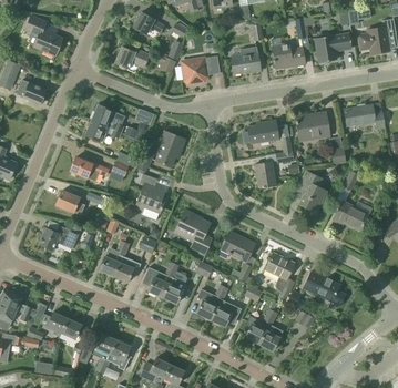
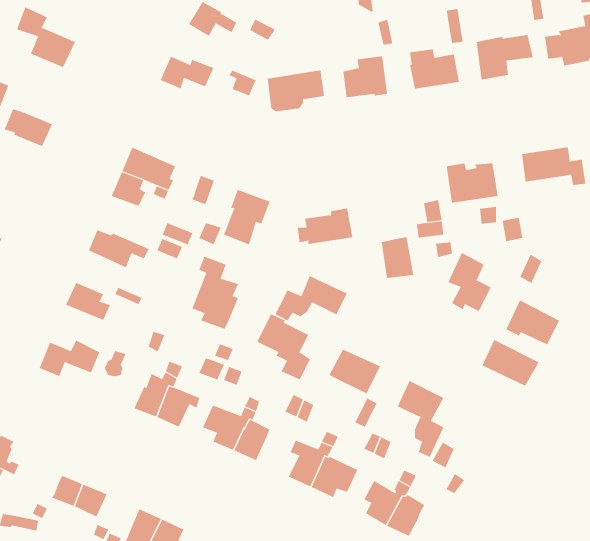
building: [243,120,278,143] -> [297,208,353,245]
building: none -> [275,275,348,321]
building: [304,270,340,300] -> [482,339,539,387]

